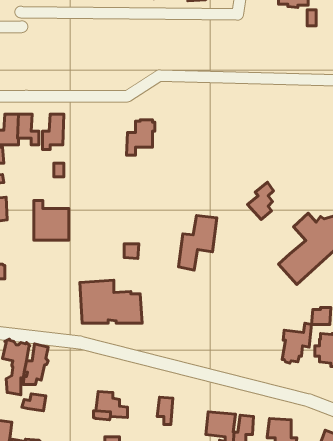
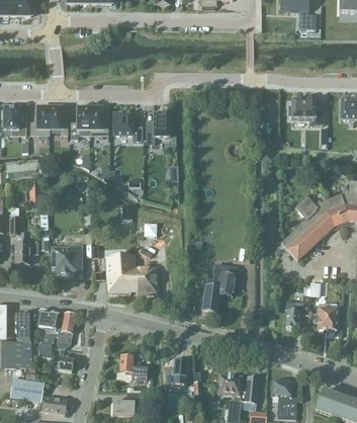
building: none -> [289,99,325,123]
building: none -> [90,107,109,140]
building: none -> [114,112,143,141]
building: [248,182,274,220] -> none
building: [34,201,69,240] -> [52,239,83,274]
building: [178,216,217,270] -> [203,264,238,313]

